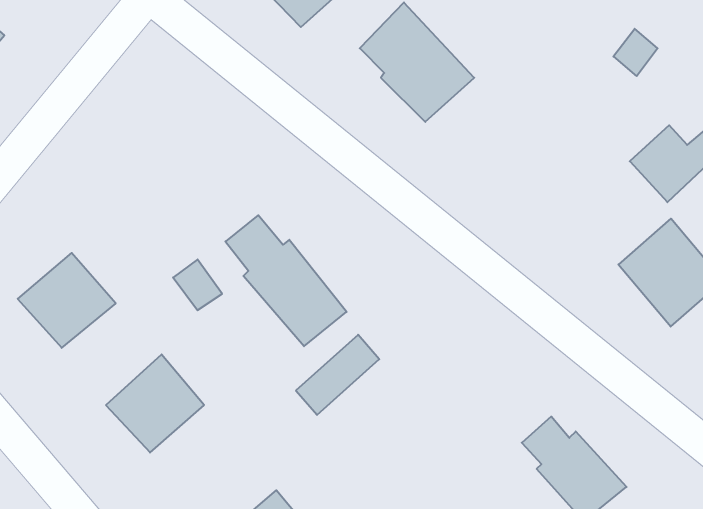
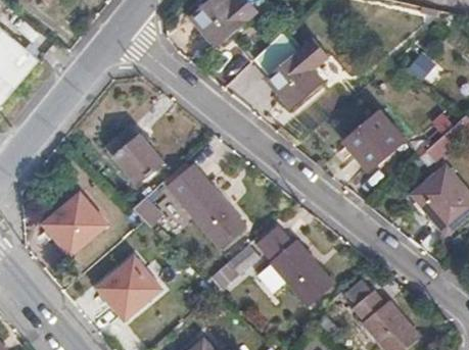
building: none -> [345,110,407,172]
building: none -> [104,128,162,183]
building: none -> [257,227,332,305]

